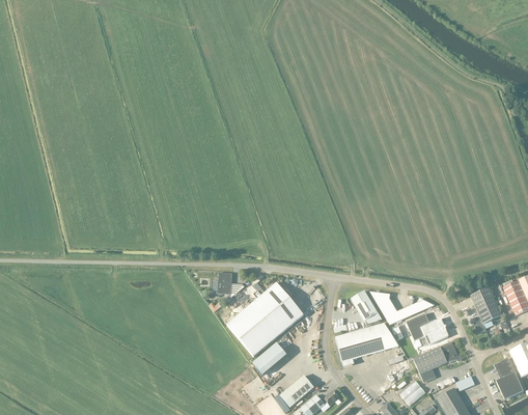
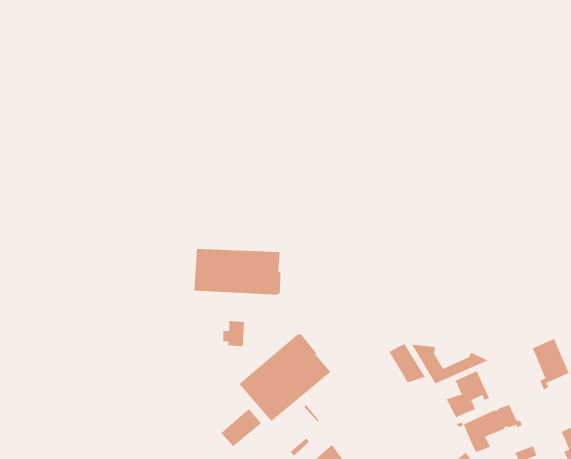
building: none -> [194,248,281,295]
building: [336,323,399,365] -> none
building: [253,342,287,375] -> [221,408,262,447]

